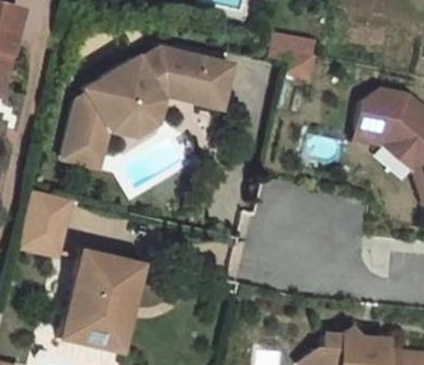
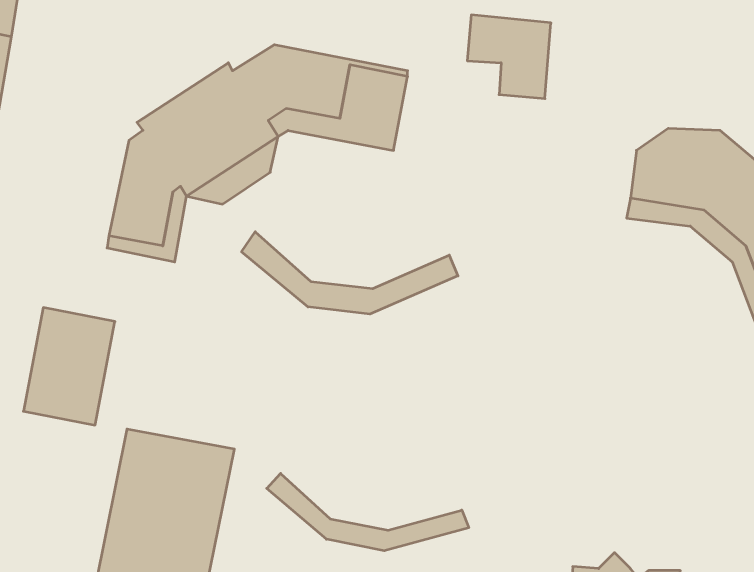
building: none -> [242,232,458,314]
building: none -> [267,473,469,551]

